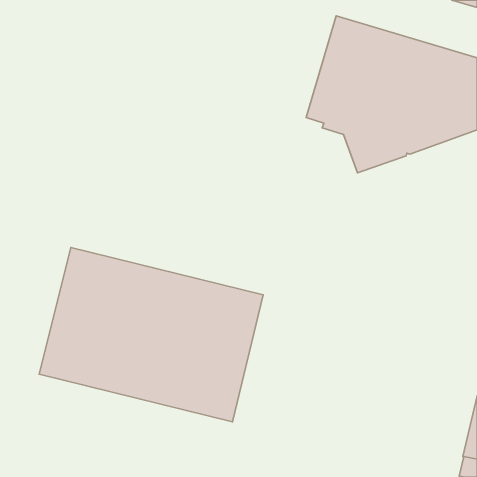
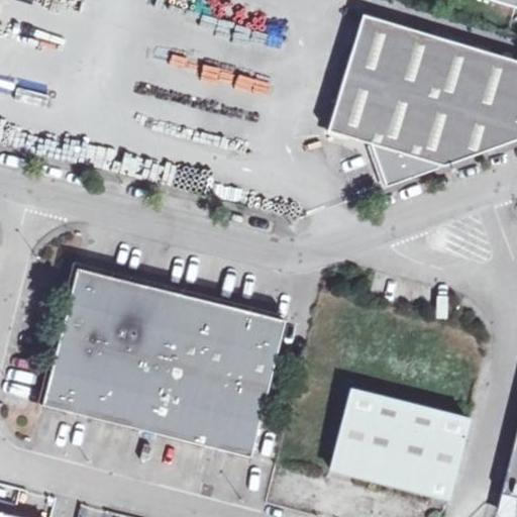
building: none -> [330,388,468,497]

